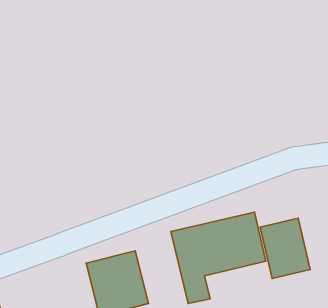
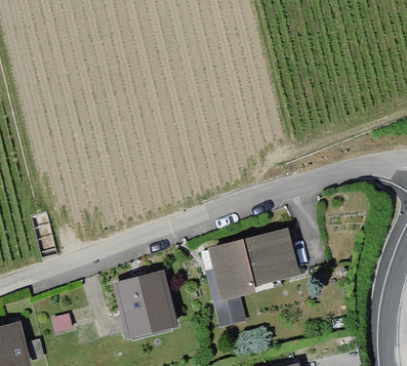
building: [260,218,310,278] -> none

